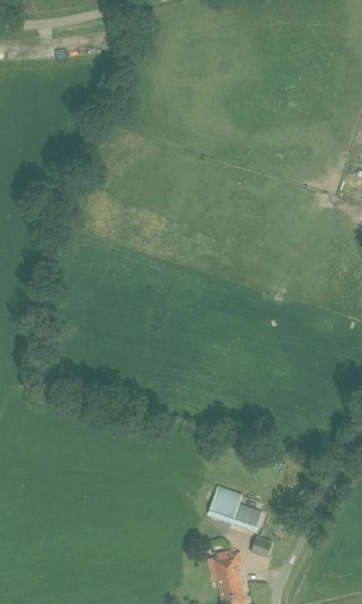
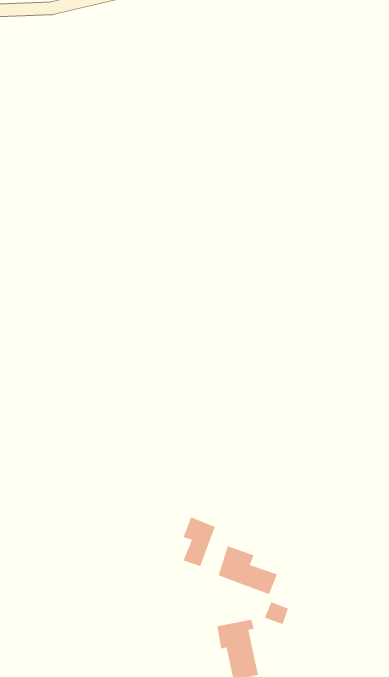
building: none -> [183,516,215,567]

